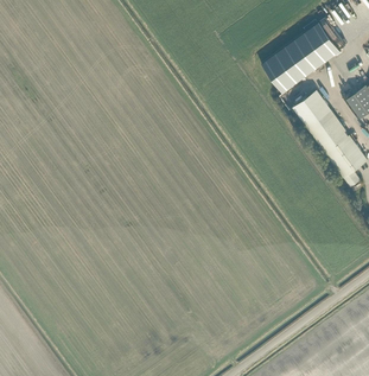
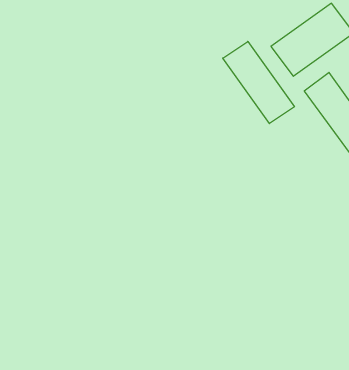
building: none -> [223,41,294,124]

